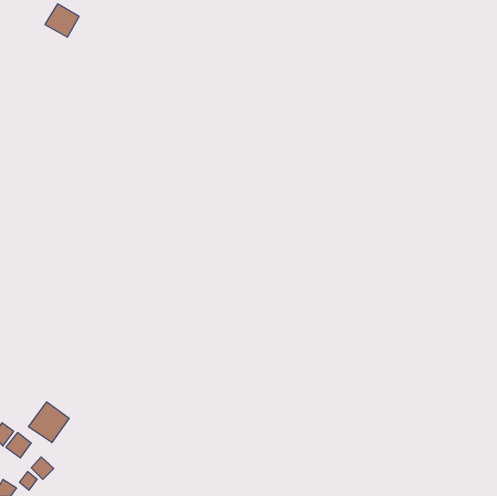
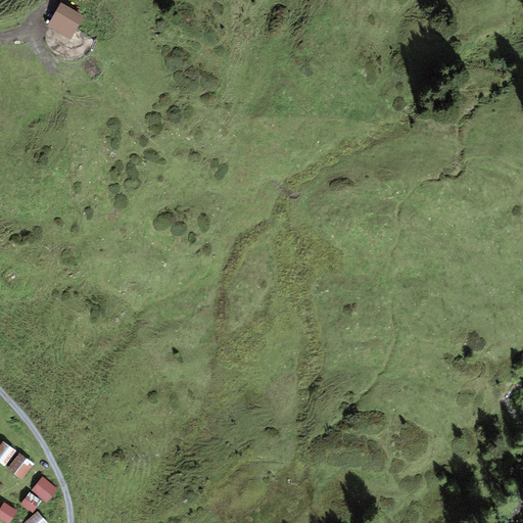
building: [28,402,69,443] -> none

